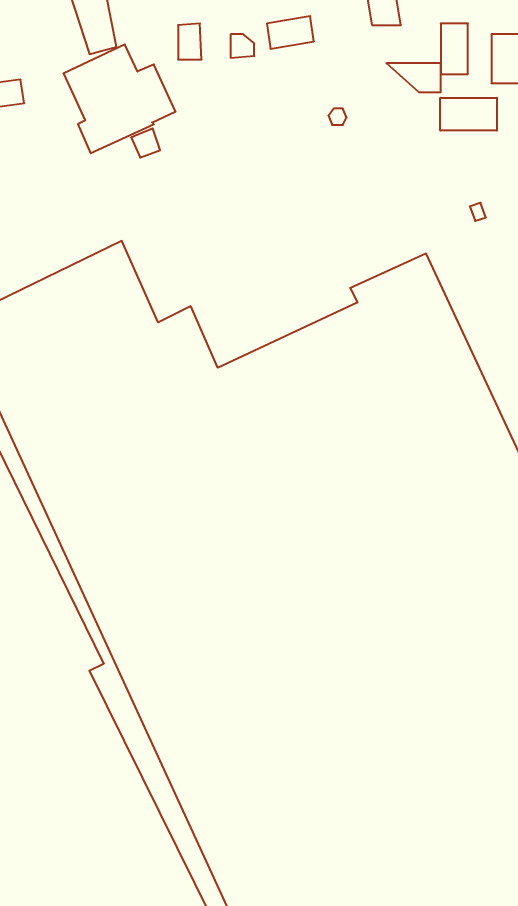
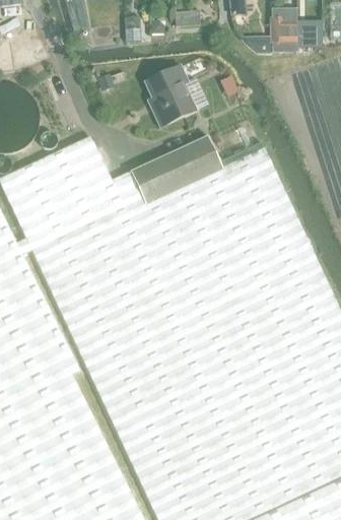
building: [63,44,176,153] -> [146,67,209,128]
building: [440,98,497,131] -> none
building: none -> [130,137,223,208]

